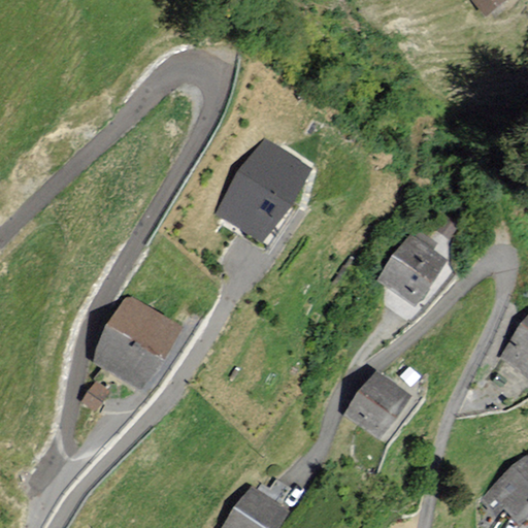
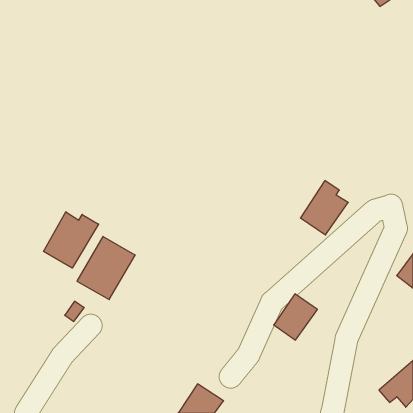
building: [221,142,304,236] -> none
building: none -> [44,212,99,268]

